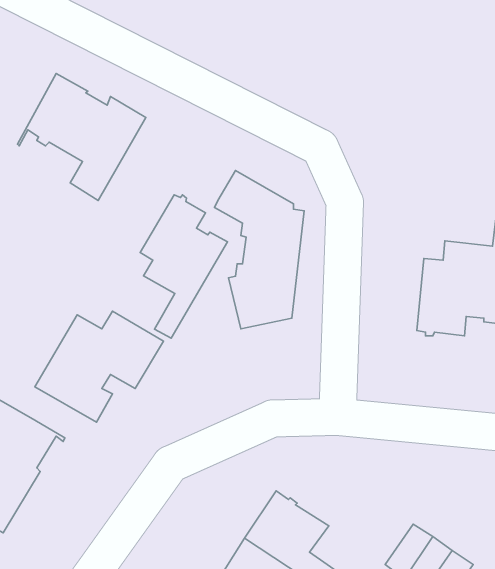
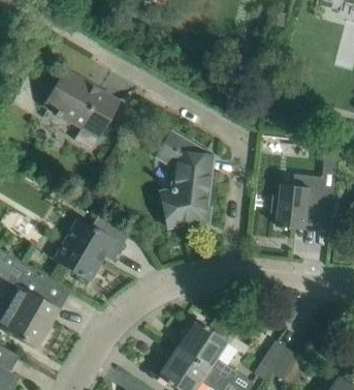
building: [140,195,227,338] -> none

